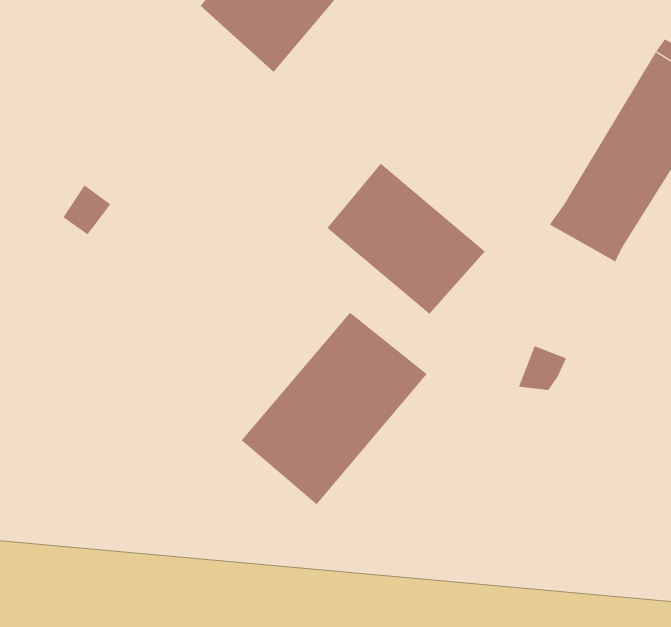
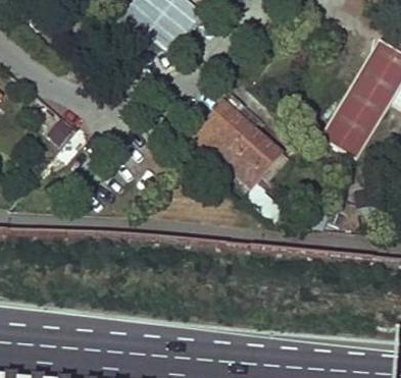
building: [241,312,428,505] -> none

